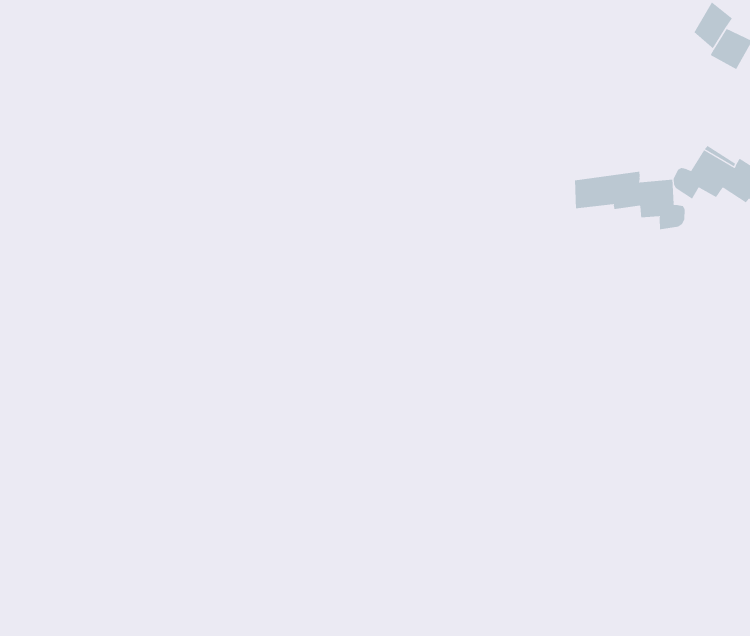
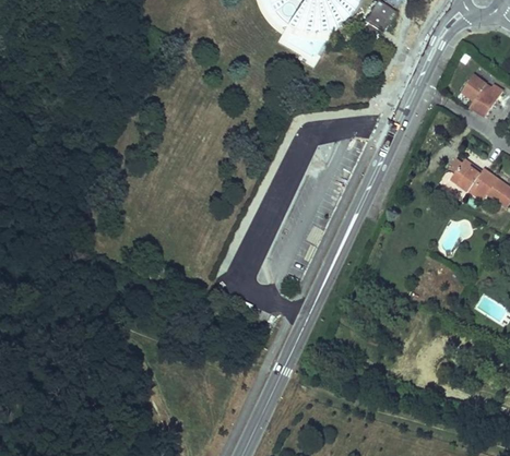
building: [575,171,685,230] -> none

